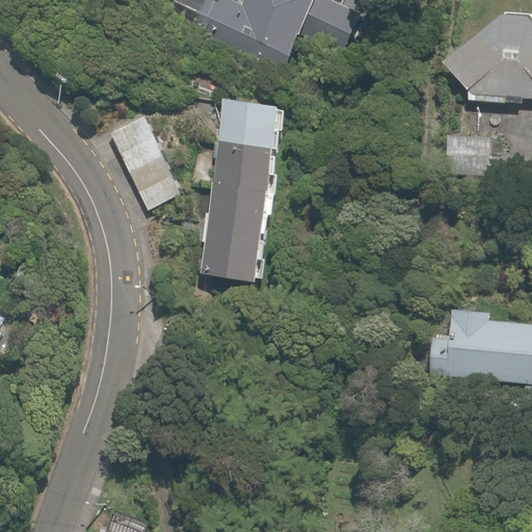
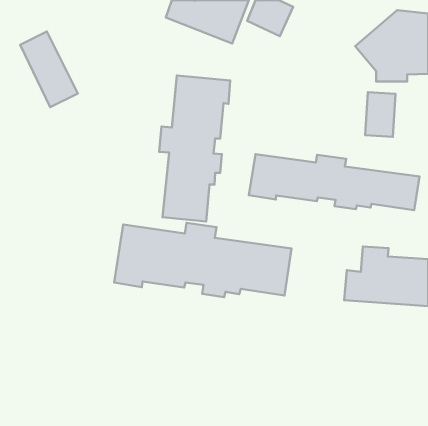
building: [109,116,181,210] -> [20,32,78,107]
building: none -> [249,154,420,210]
building: none -> [114,223,292,297]

